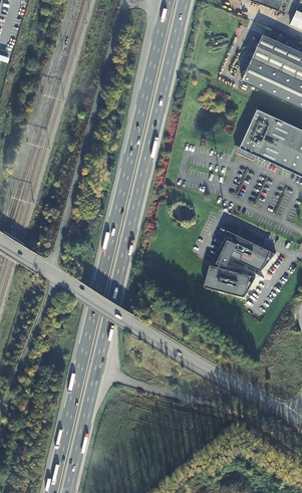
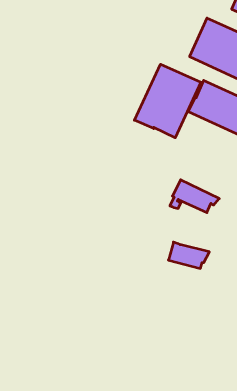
building: none -> [134,64,201,138]
building: [207,265,257,297] -> [168,242,209,268]

